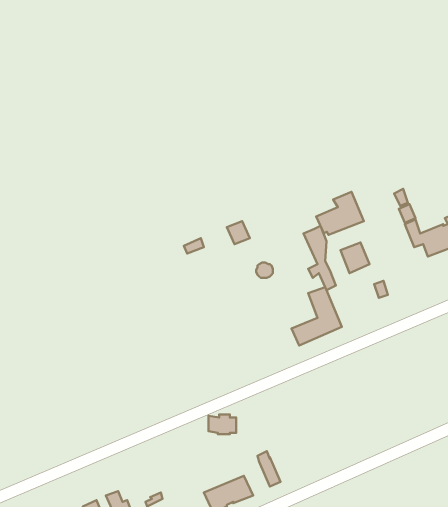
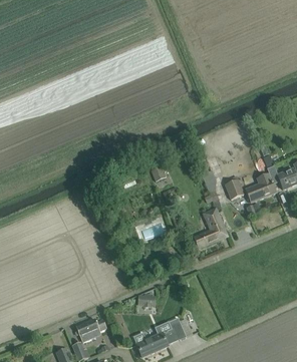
building: [316,192,364,235] -> [245,172,276,201]
building: none -> [75,318,105,341]

